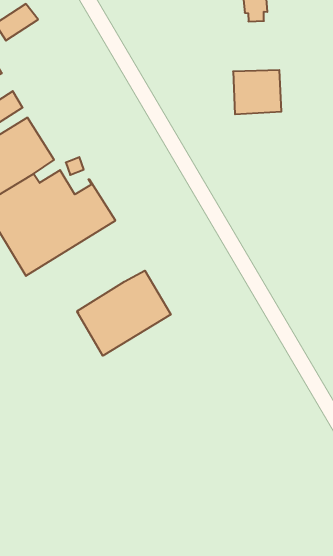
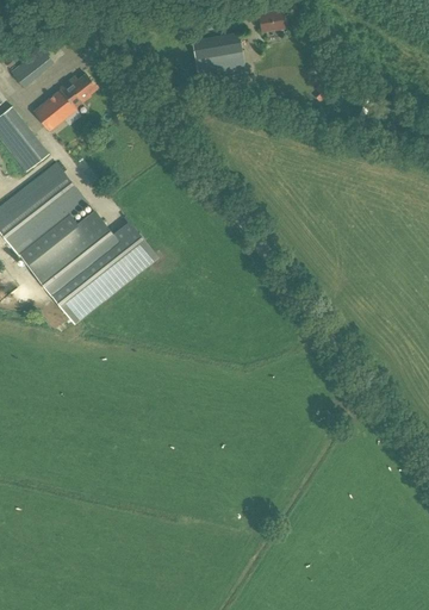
building: none -> [33,71,98,130]
building: [233,70,281,114] -> [193,32,247,82]
building: [77,271,171,356] -> none

